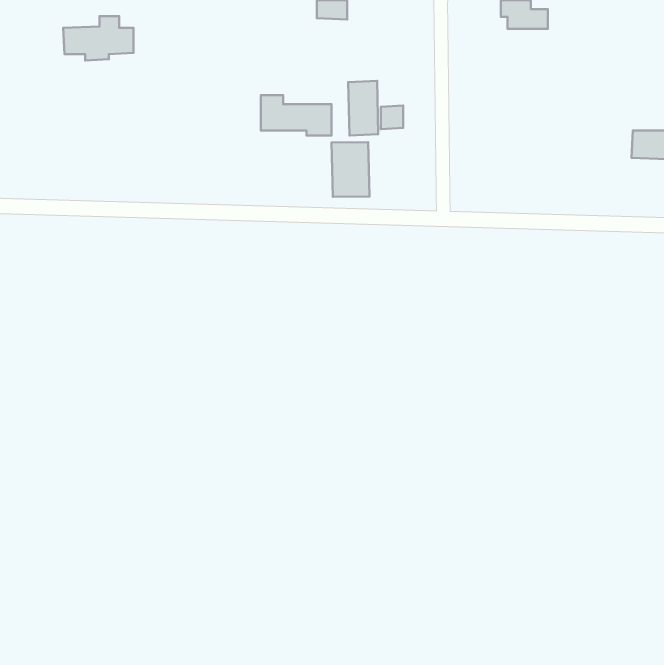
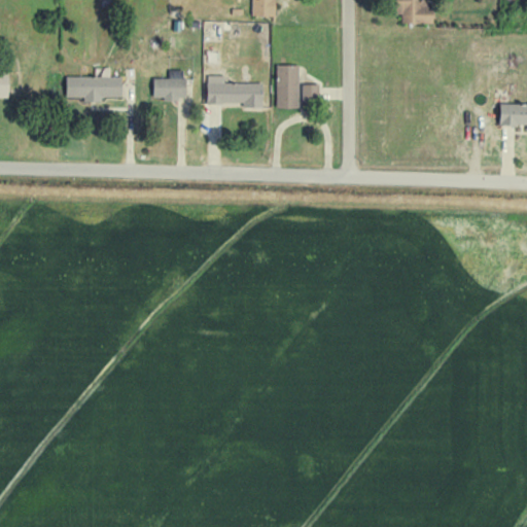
building: [63,16,133,61] -> [67,68,122,103]
building: none -> [154,70,186,101]
building: [331,142,370,197] -> none

